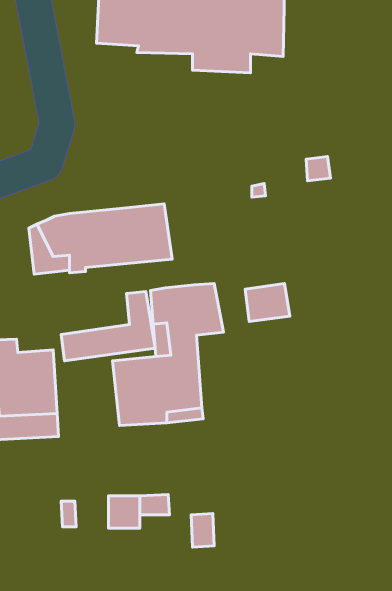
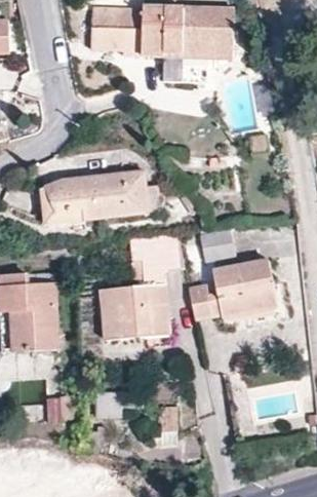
building: [61,292,155,361] -> none
building: none -> [191,260,278,318]

